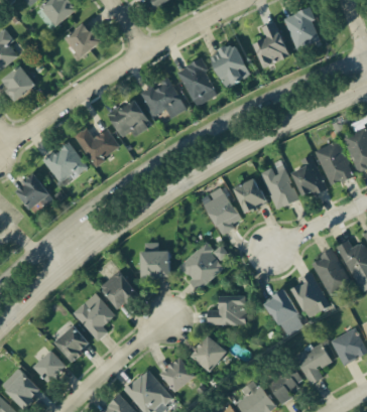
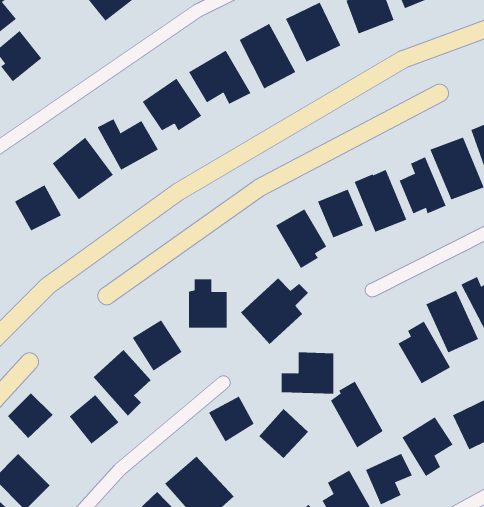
building: [266,289,304,337] -> [330,381,383,448]
building: [34,350,68,383] -> [7,392,53,439]
building: [161,359,195,392] -> [208,396,255,442]

